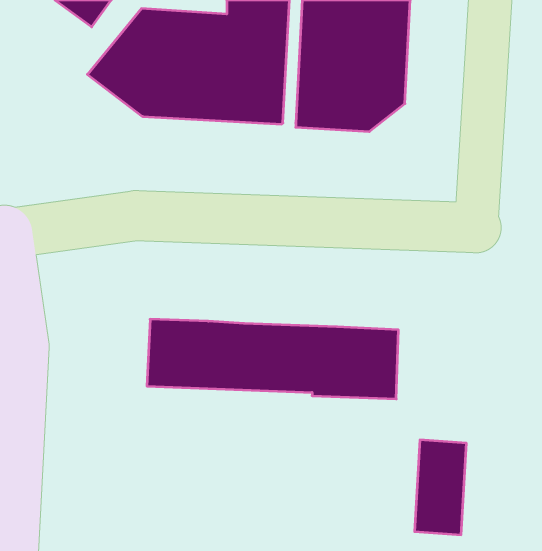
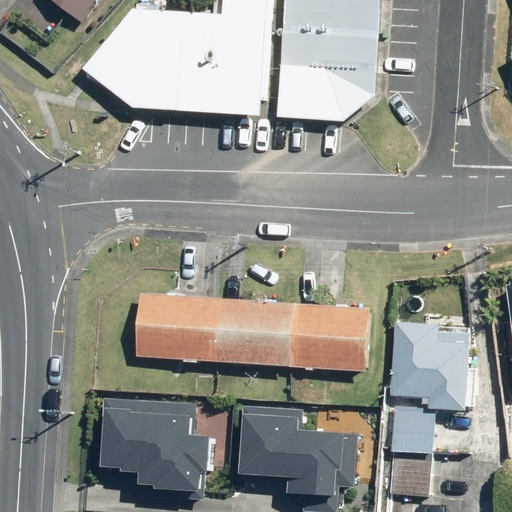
building: none -> [390,324,472,410]
building: none -> [106,404,221,491]
building: none -> [240,410,355,493]

